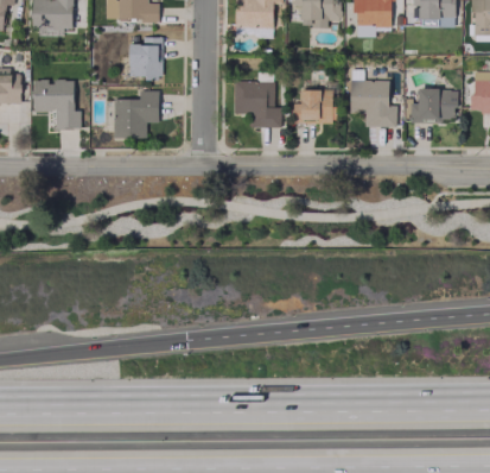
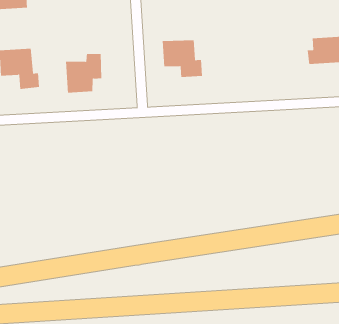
building: [129,37,163,76] -> none
building: [349,80,396,127] -> none
building: [293,89,332,124] -> none

